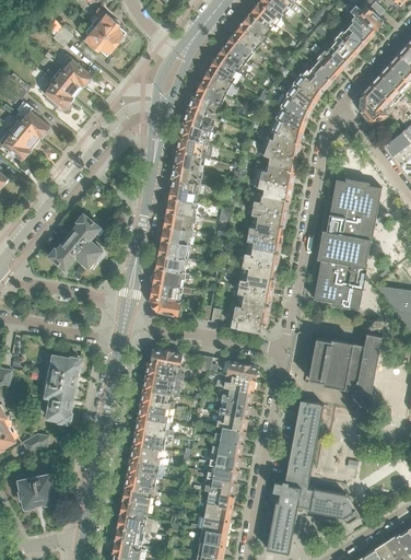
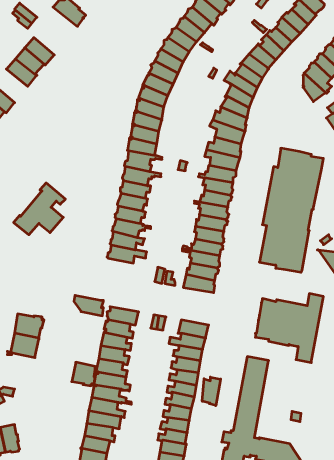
building: [83,25,117,57] -> none
building: [149,295,180,317] -> [74,295,103,316]
building: [46,398,71,423] -> [72,362,95,386]
building: none -> [202,377,221,406]

